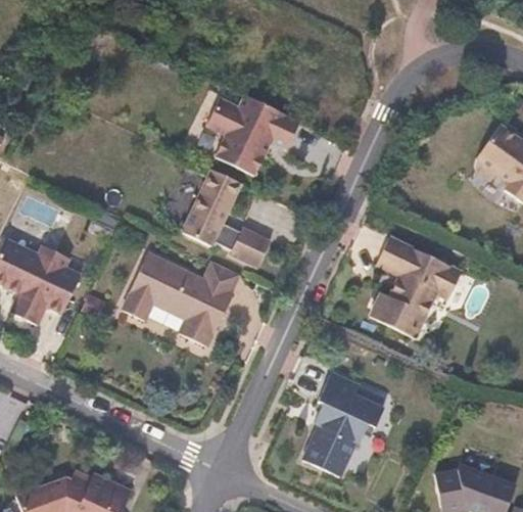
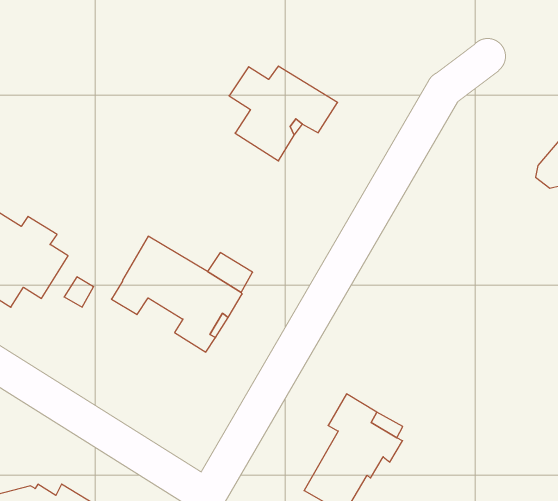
building: [182,170,270,268] -> none
building: [369,237,461,338] -> none

